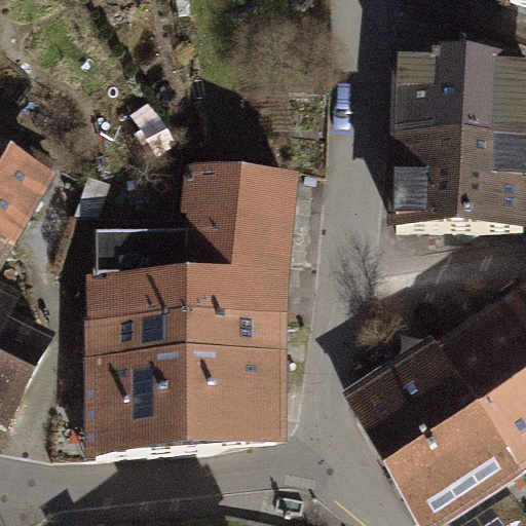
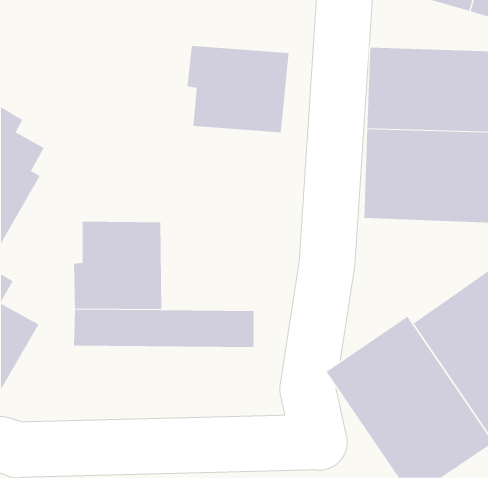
building: none -> [187,45,289,133]
building: [177,173,293,331] -> none
building: [82,368,276,457] -> none

